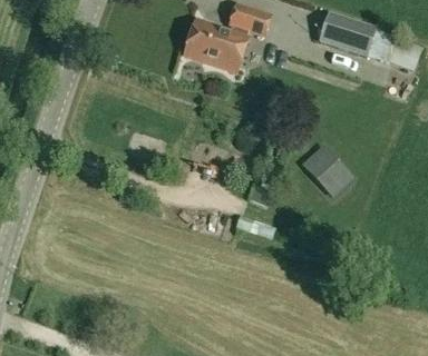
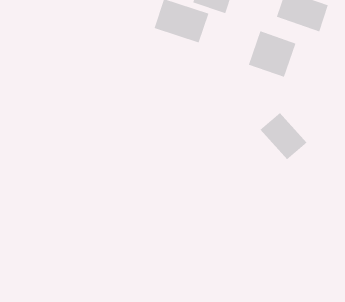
building: none -> [248,30,296,78]

